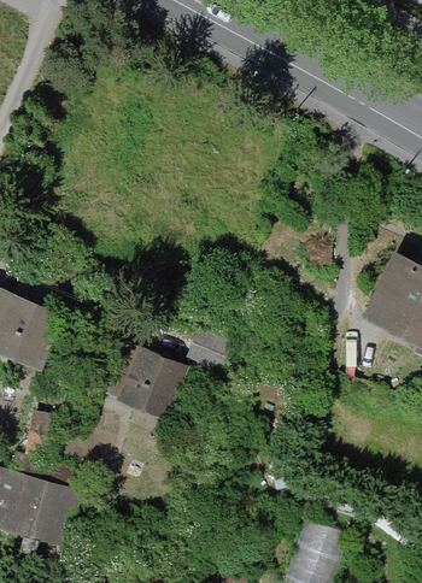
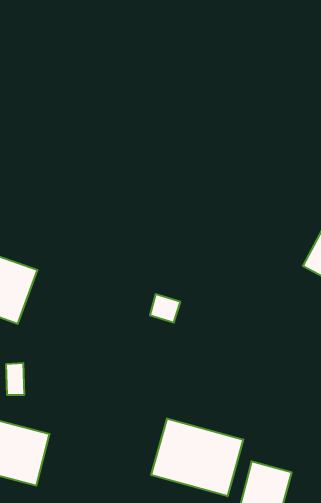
building: [104,342,184,420] -> none
building: none -> [151,418,243,496]

